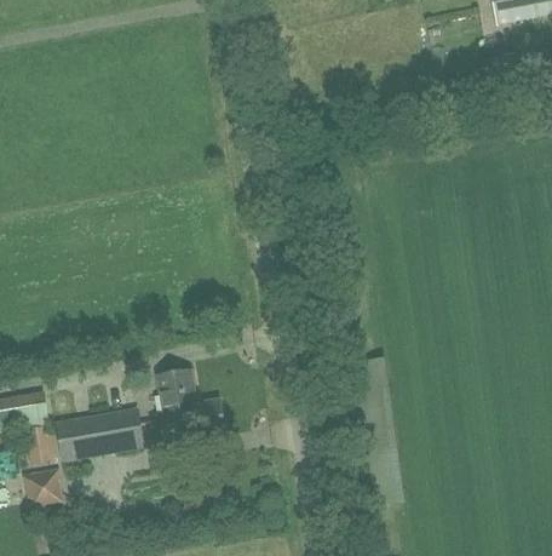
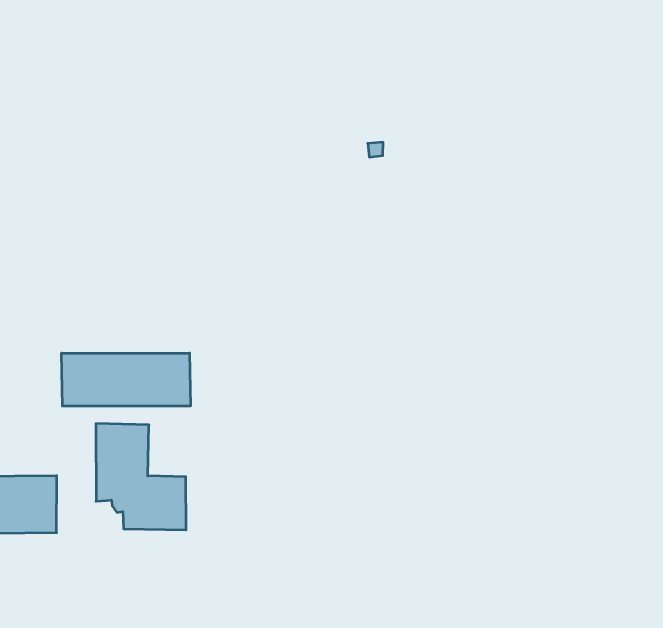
building: none -> [62,353,190,406]

